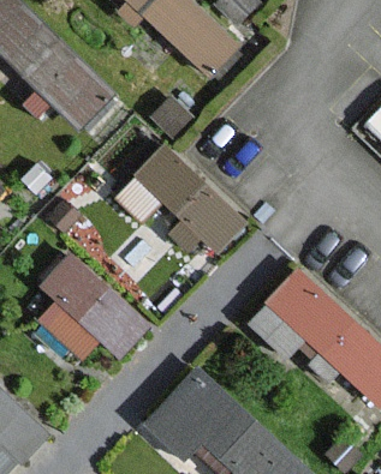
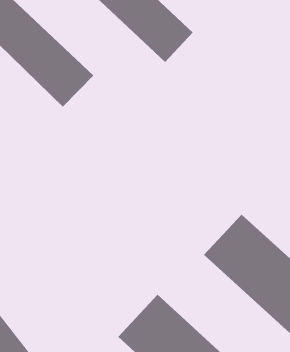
building: [121,137,249,265] -> none
building: [26,260,141,372] -> none

